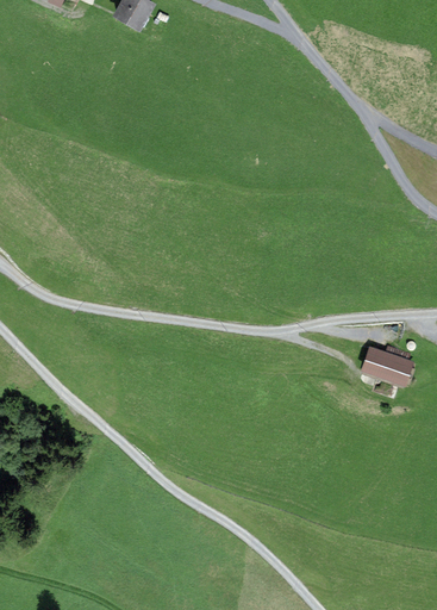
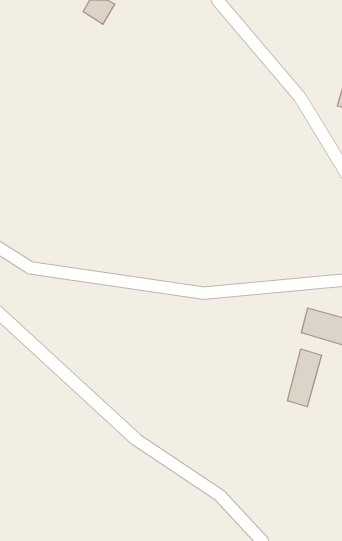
building: none -> [288,349,321,407]

